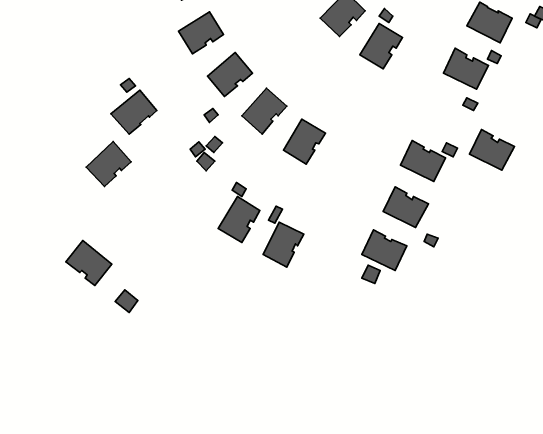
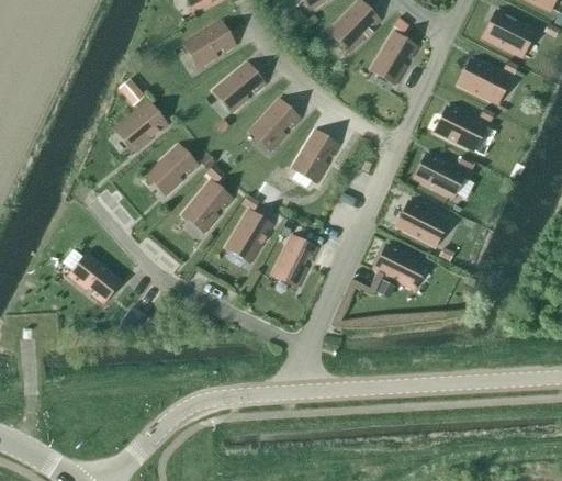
building: [470,129,515,170] -> [436,105,482,147]
building: [86,141,131,187] -> [150,144,196,190]
building: none -> [186,180,231,227]

